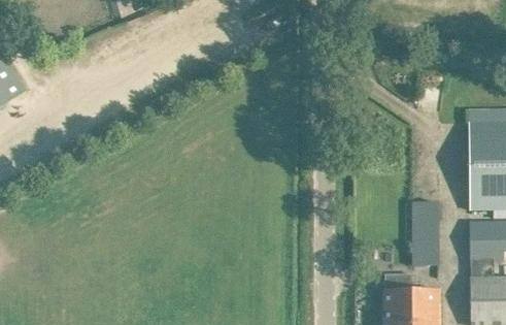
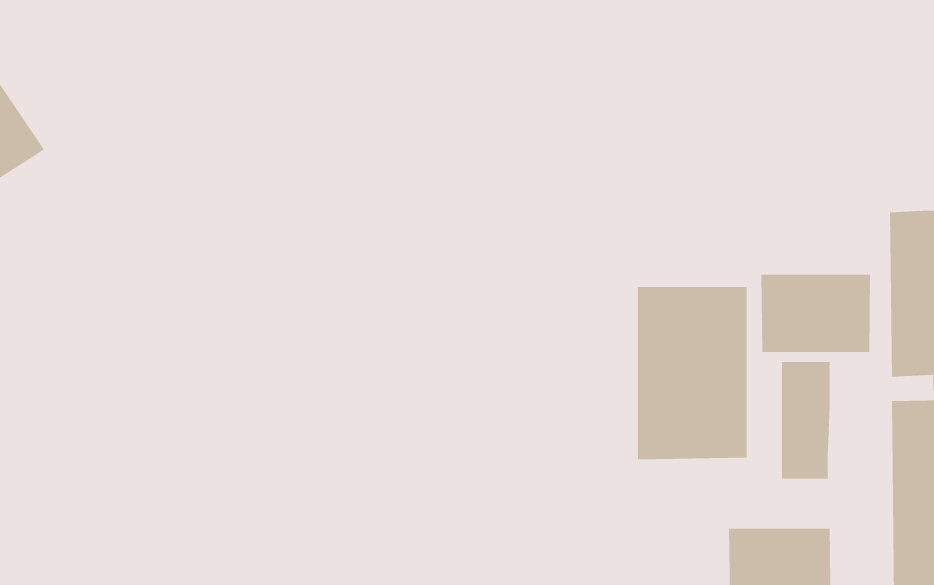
building: none -> [761,274,870,353]
building: none -> [637,286,747,460]

